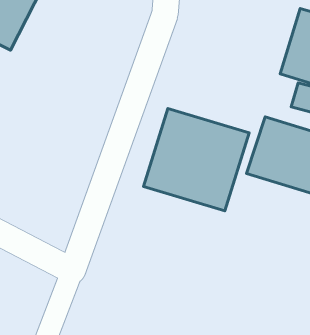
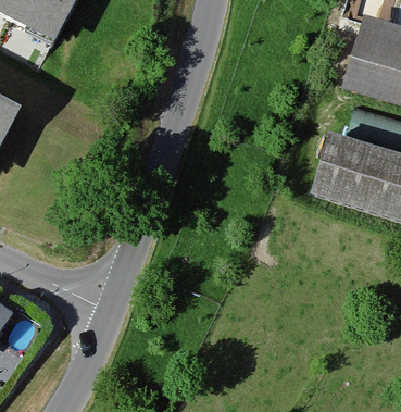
building: [144,108,249,211] -> none

